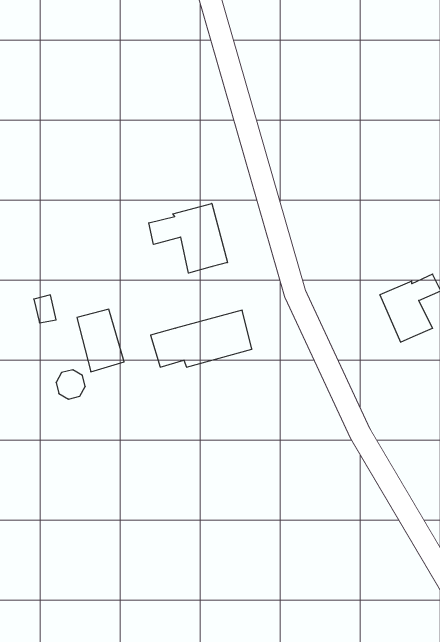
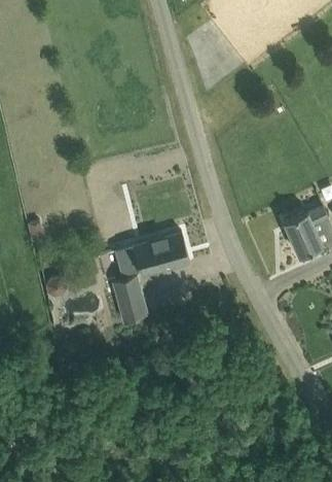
building: [149,203,227,273] -> none
building: [77,309,124,372] -> [113,277,148,323]

